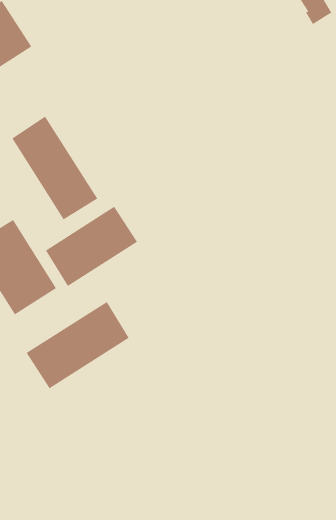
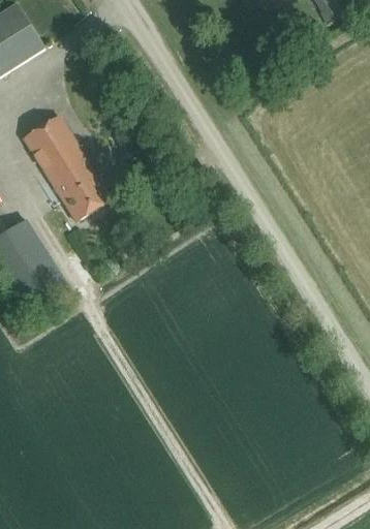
building: [45,206,138,287] -> none
building: [26,301,129,389] -> none

